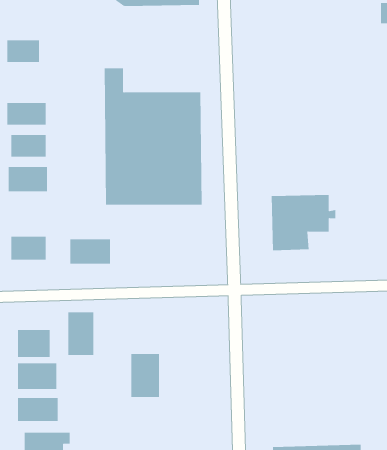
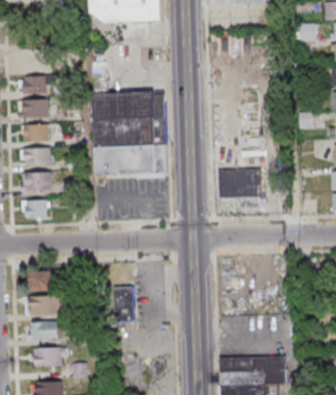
building: none -> [19,76,50,93]
building: [69,239,111,264] -> [21,171,52,190]
building: [68,311,94,356] -> none

